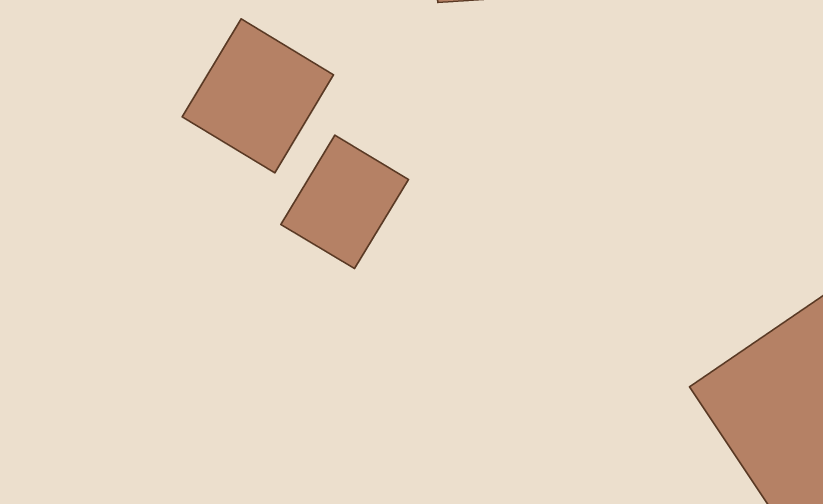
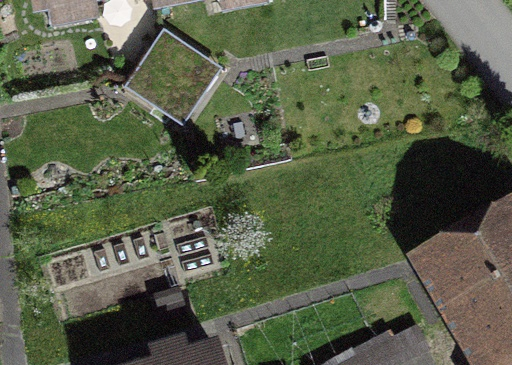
building: [281,135,408,269] -> none

